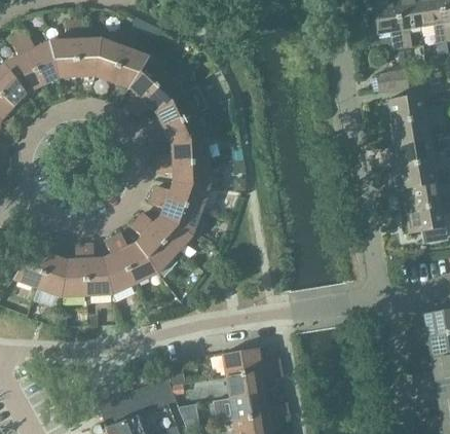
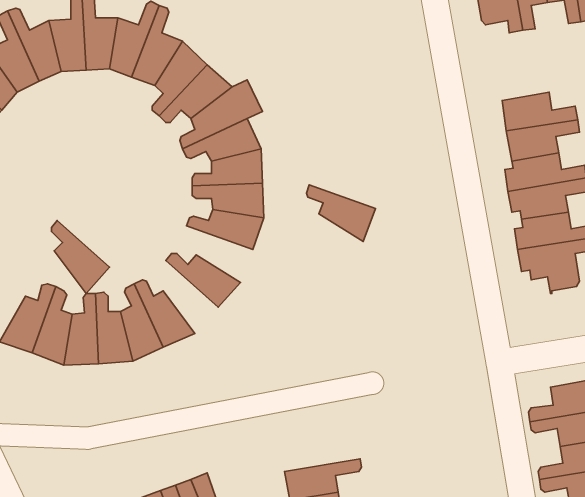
building: [376,69,409,92] -> none
building: [150,193,201,236] -> [307,185,375,241]
building: [133,219,176,274] -> [52,220,109,294]
building: [222,348,282,376] -> none

